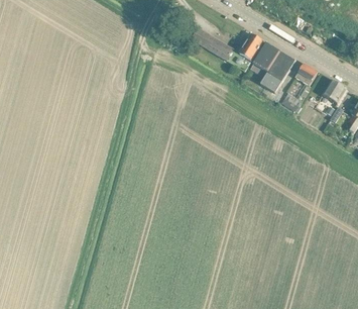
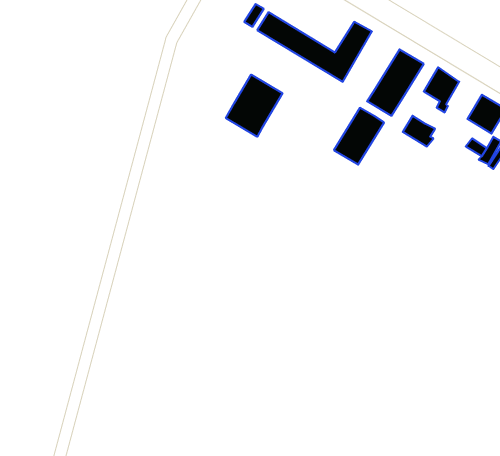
building: [248,40,279,76] -> [334,108,384,165]
building: none -> [226,75,282,137]

